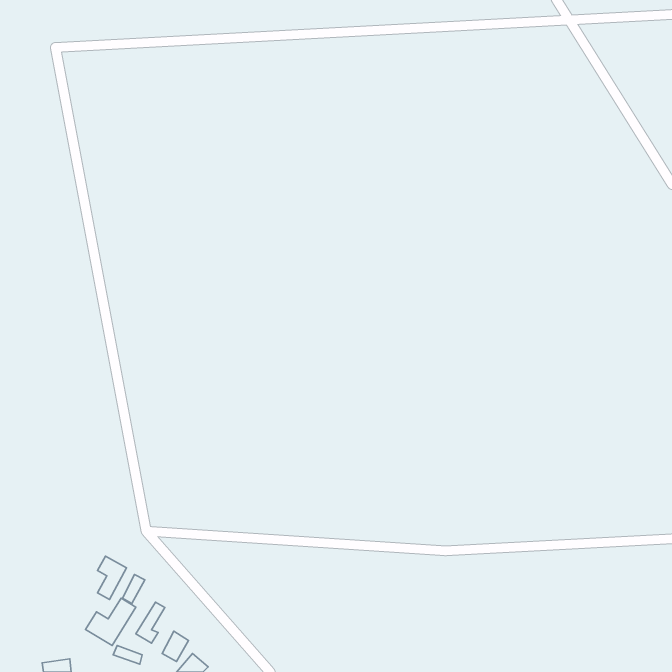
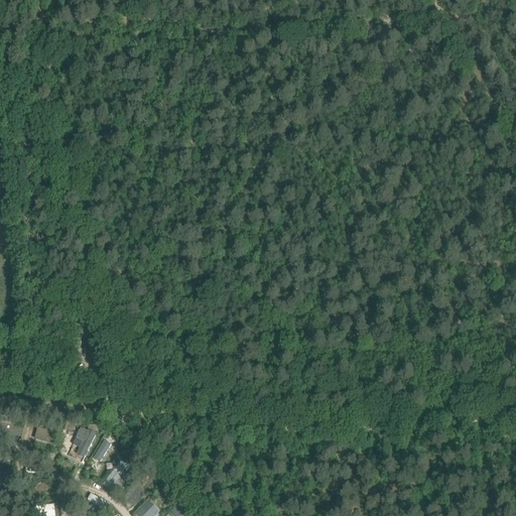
building: [85,598,136,646] -> none

